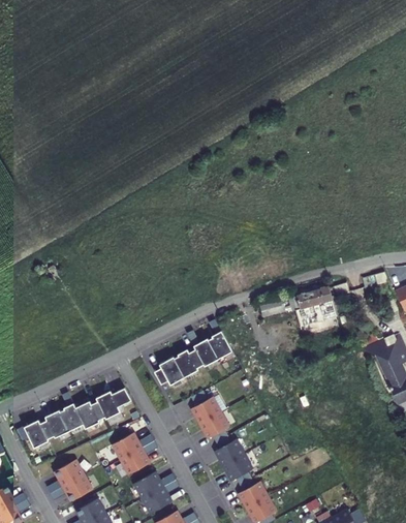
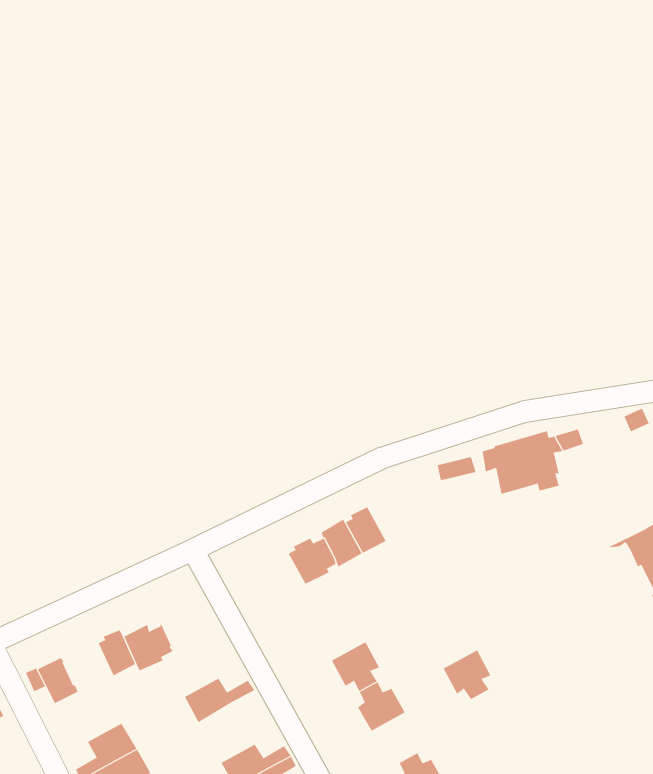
building: [154,356,184,384] -> none
building: [96,388,131,418] -> none
building: [191,390,220,422] -> none
building: [39,409,69,438] -> none
building: [120,439,157,473] -> none
building: [223,453,252,483] -> [443,650,491,700]

